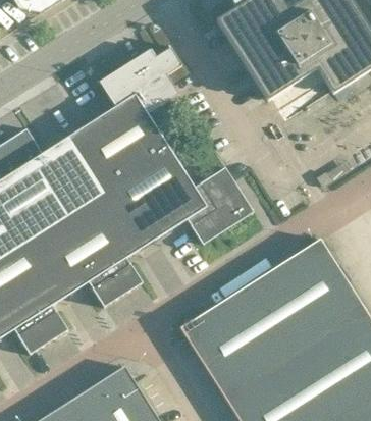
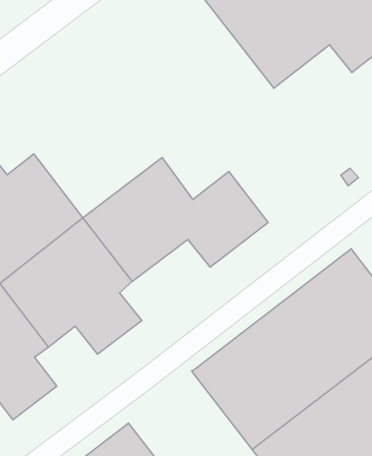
building: [66,48,181,194] -> none

